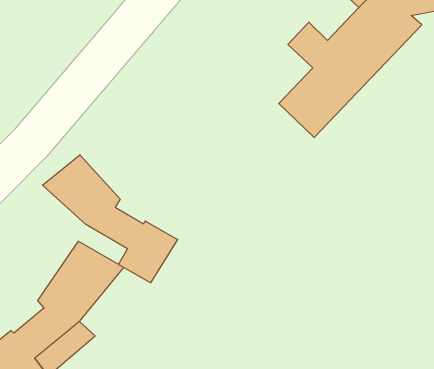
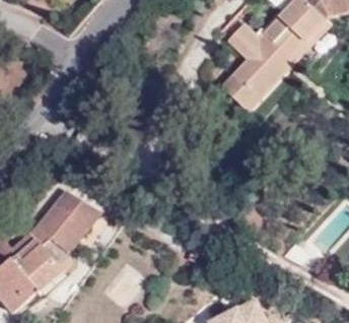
building: [42,155,178,283] -> none

